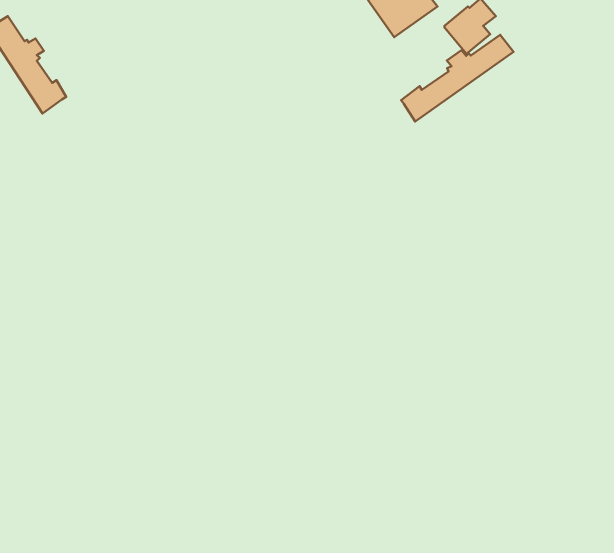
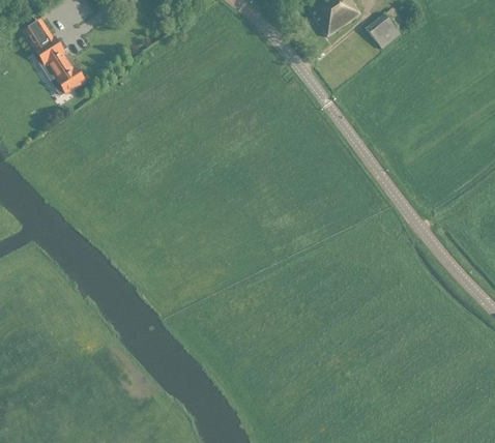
building: [401,35,514,122] -> none

